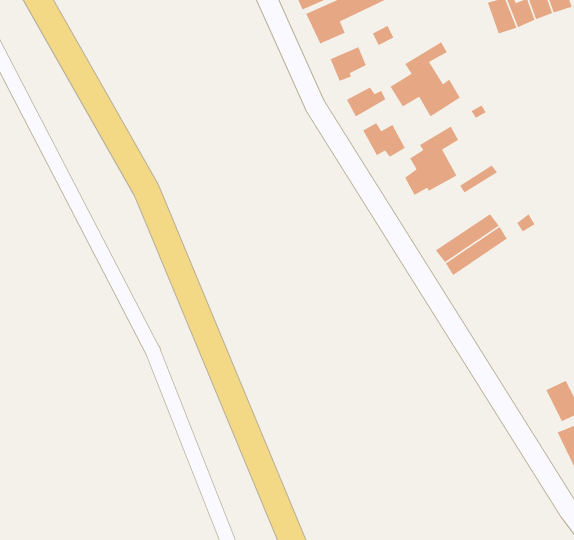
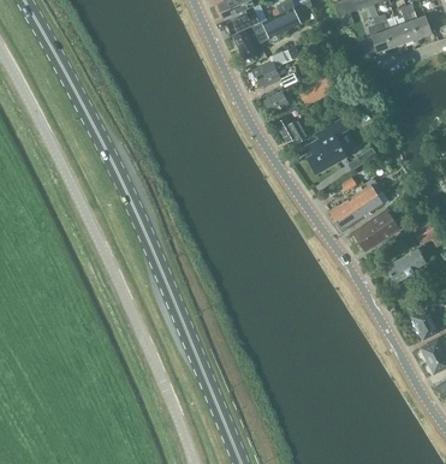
building: none -> [353,208,400,251]
building: none -> [386,248,427,281]

